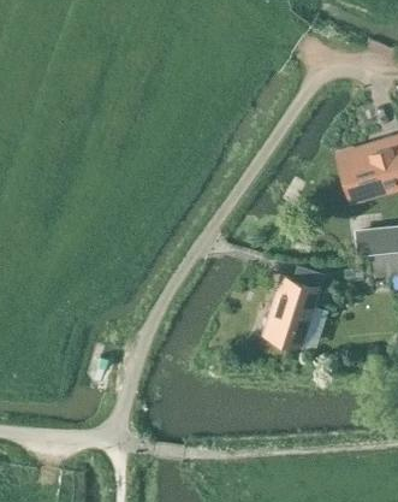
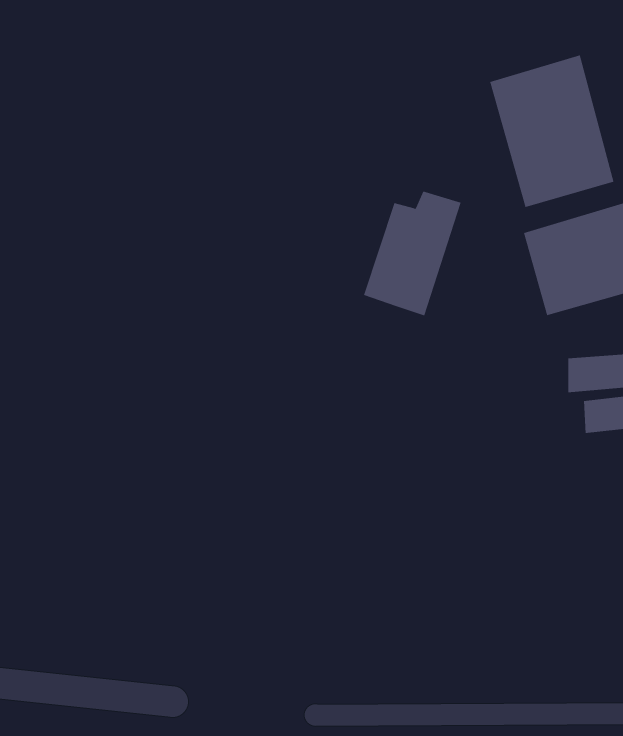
building: none -> [489,55,614,208]
building: [261,268,322,347] -> [363,191,461,316]

